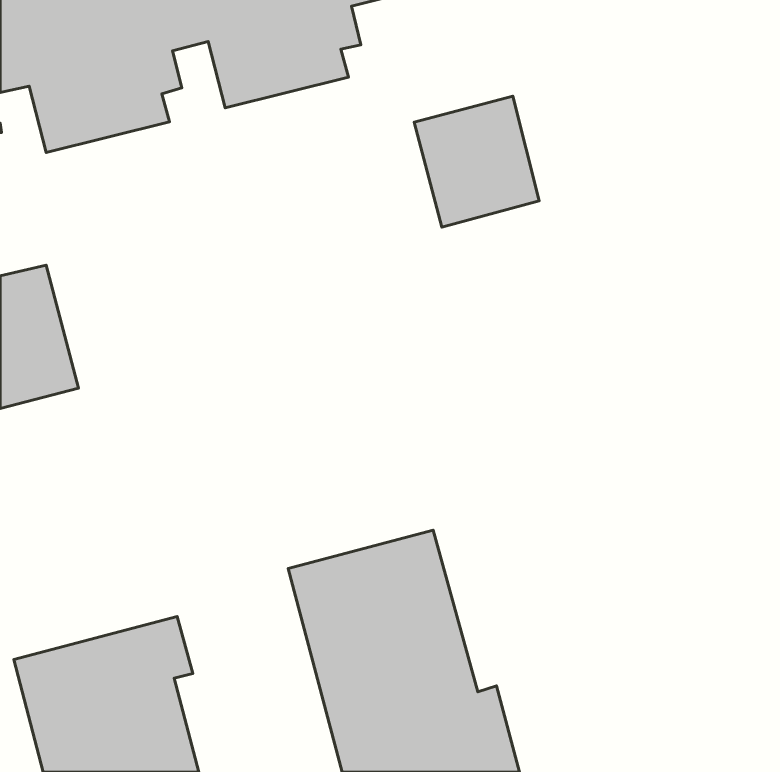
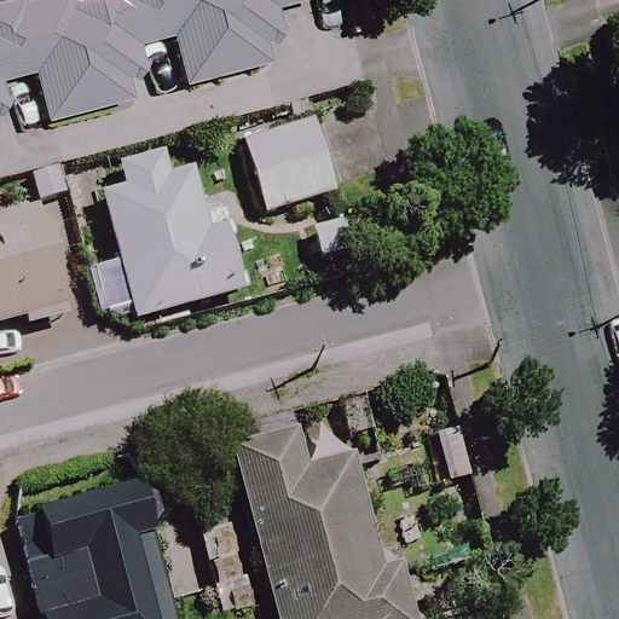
building: [414,96,539,227] -> [242,112,340,215]
building: none -> [102,151,248,319]

